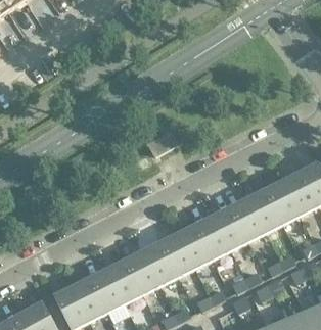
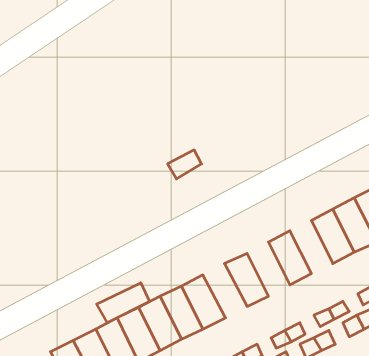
building: [247,188,282,231] -> none
building: [213,205,247,249] -> none
building: [177,223,213,267] -> none
building: none -> [97,283,150,323]

